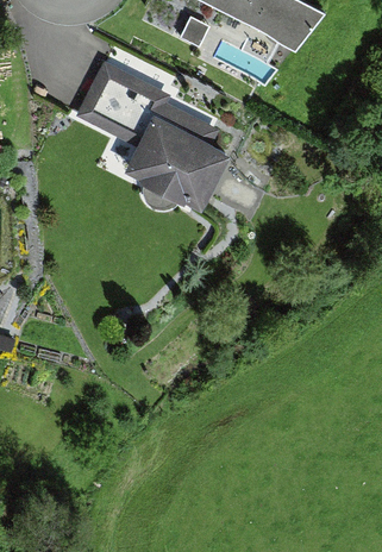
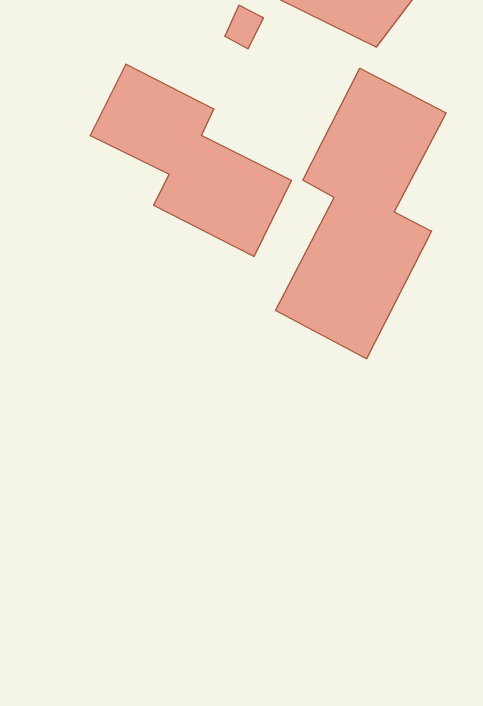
building: none -> [276,68,446,359]

